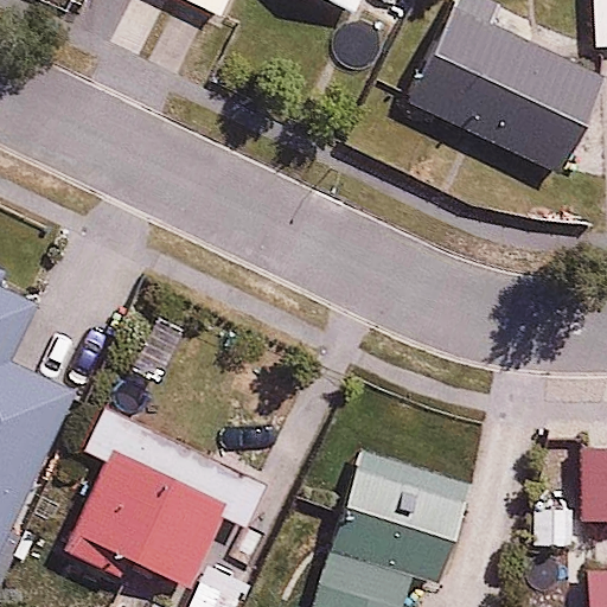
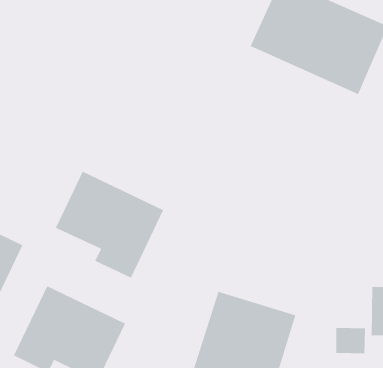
building: none -> [55,171,164,279]

